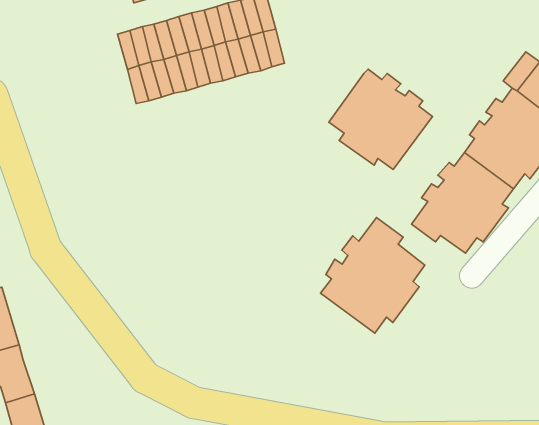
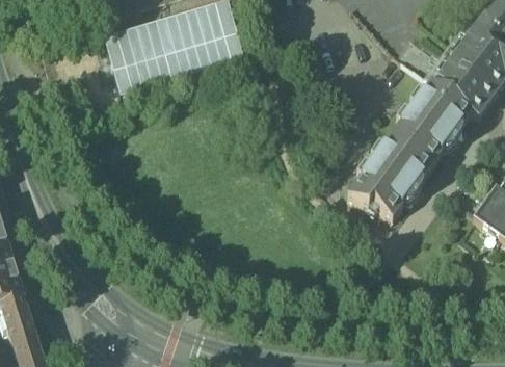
building: [329,69,432,170] -> none
building: [320,218,425,333] -> none

